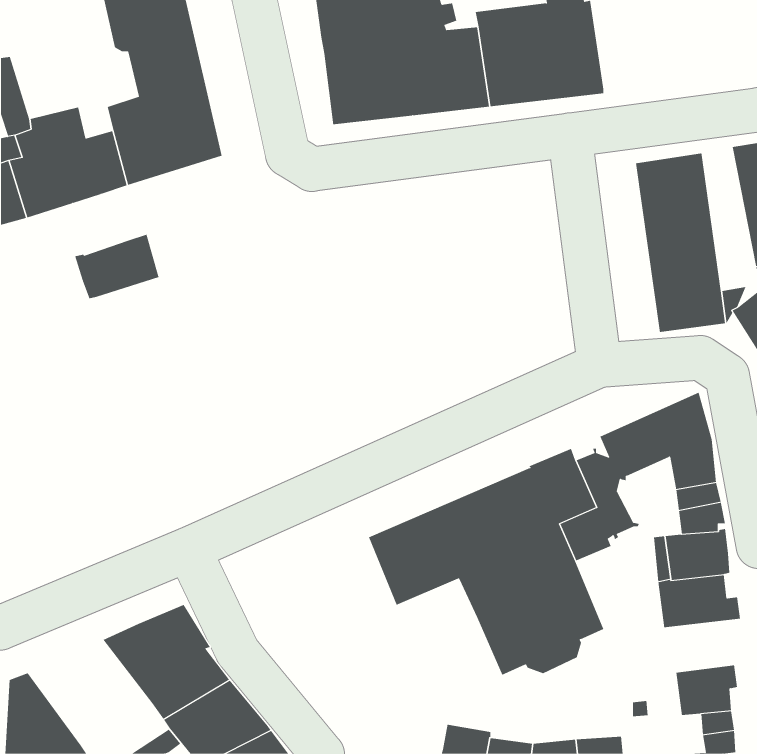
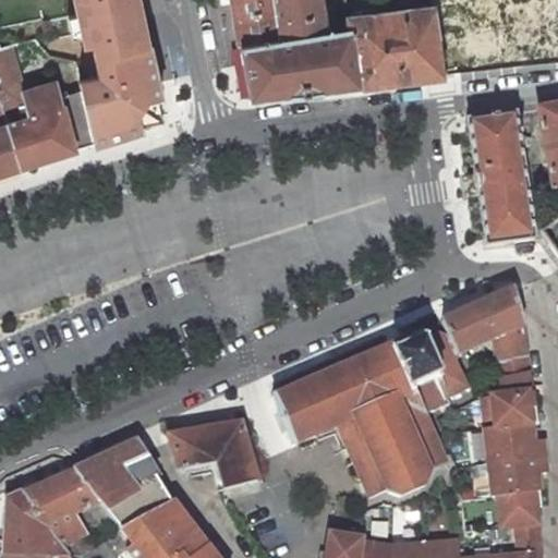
building: [75,234,160,299] -> none
building: none -> [169,422,256,497]
building: none -> [488,454,547,495]
building: none -> [22,470,112,547]

